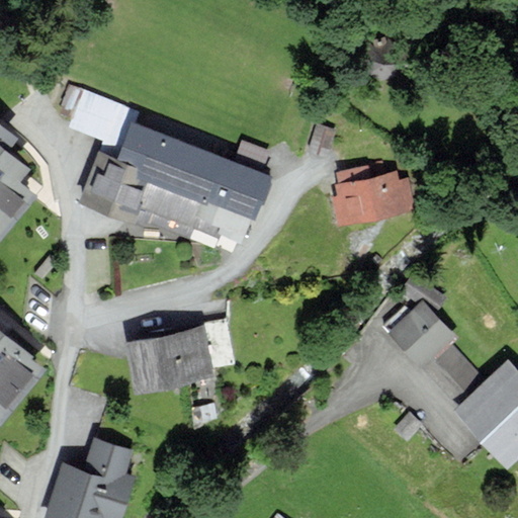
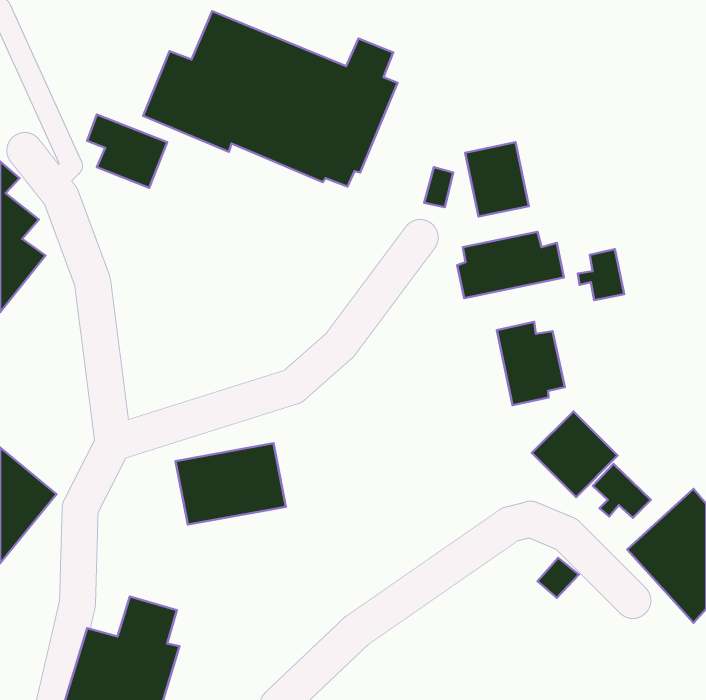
building: none -> [465,142,529,217]
building: [82,122,268,251] -> [143,11,397,186]
building: none -> [578,249,624,300]
building: none -> [497,322,565,405]

